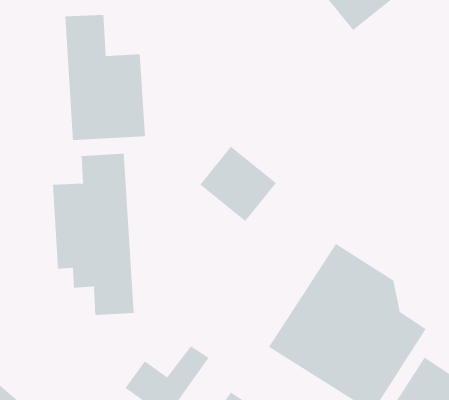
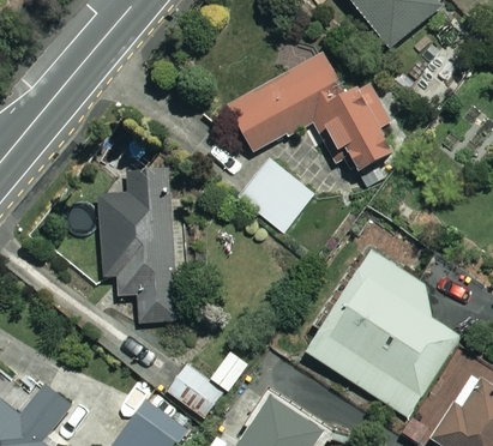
building: [65,14,146,141] -> none
building: none -> [228,53,408,175]

